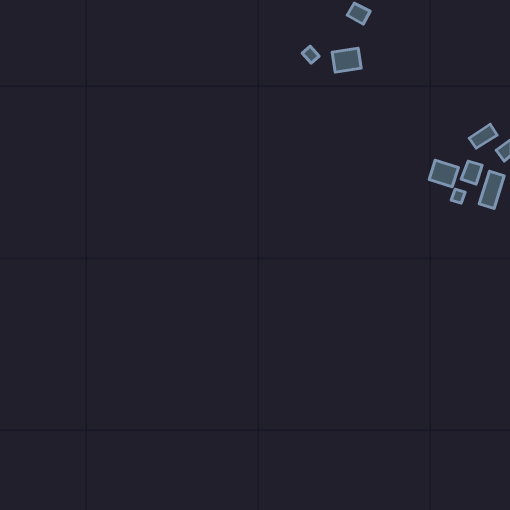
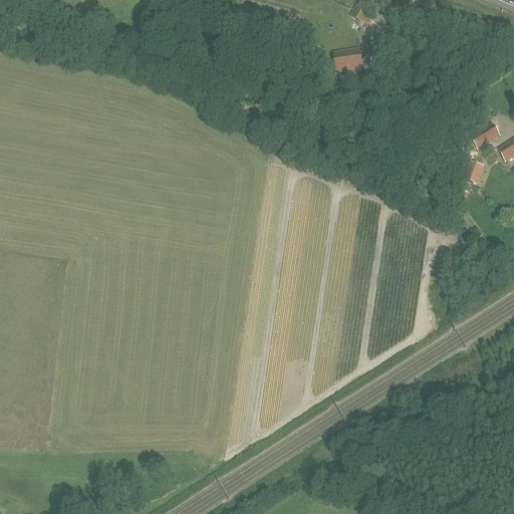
building: [429,160,458,187] -> none
building: [479,171,504,208] -> none

